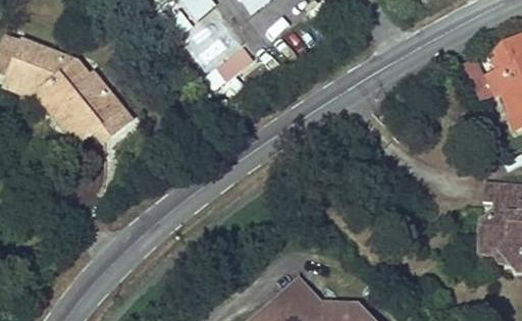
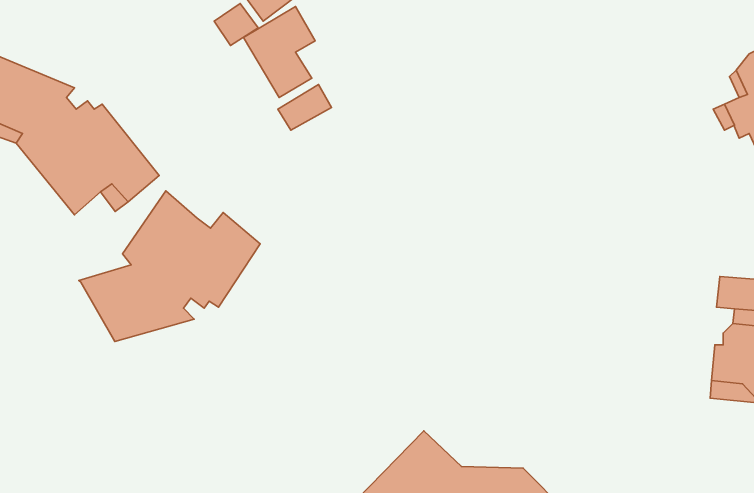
building: none -> [79,191,260,342]

